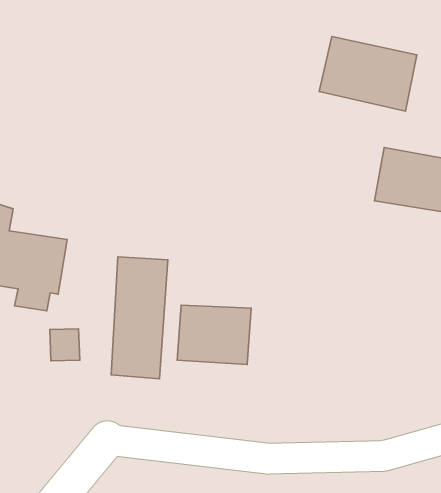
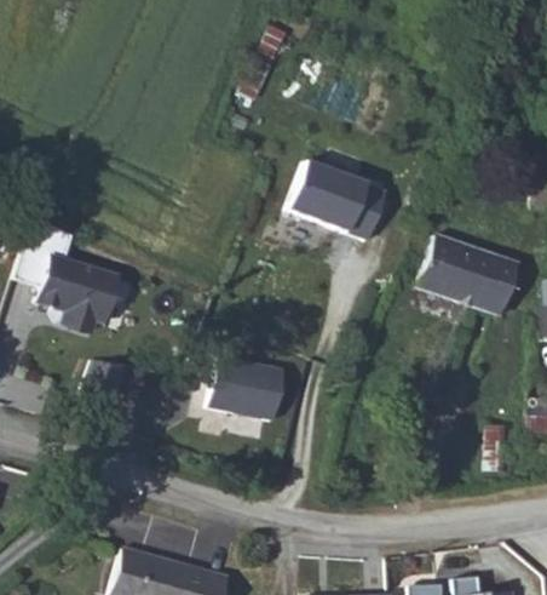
building: [319,37,417,111] -> [290,160,390,242]
building: [111,257,168,379] -> none

